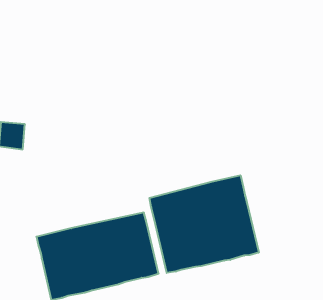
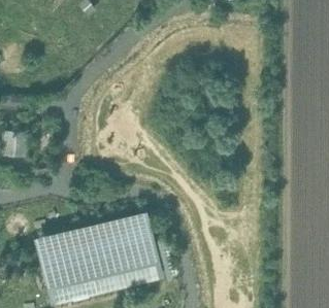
building: [149,175,259,273] -> none

